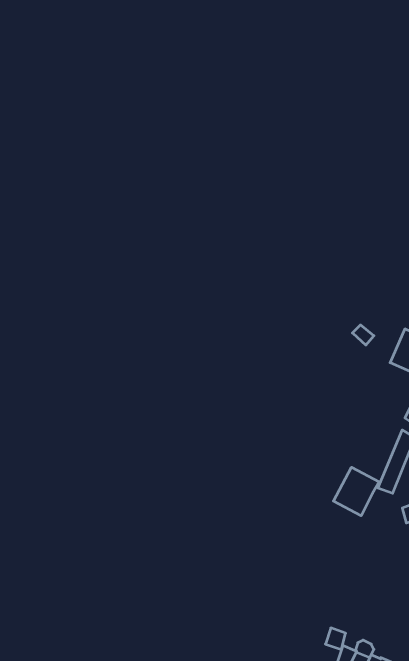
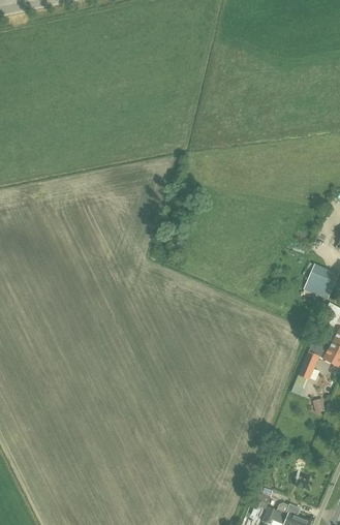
building: [333,467,379,516] -> none

